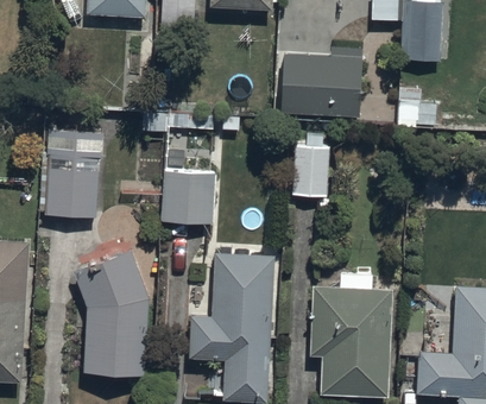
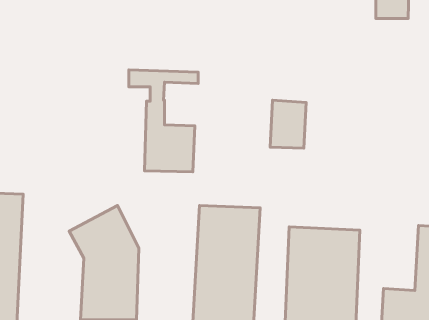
building: [278,55,361,120] -> none
building: [36,125,102,213] -> none

